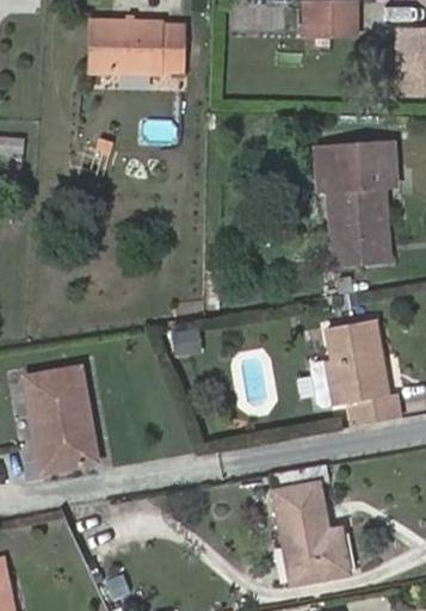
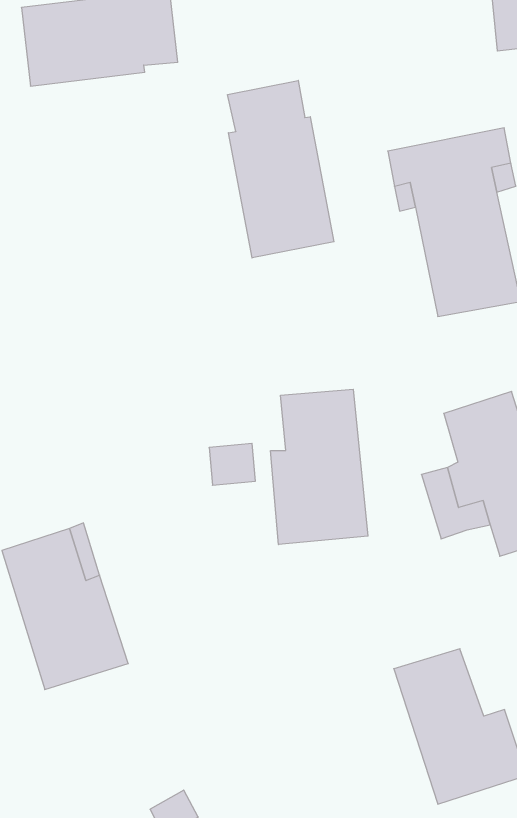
building: none -> [228,80,334,258]
building: none -> [271,389,368,545]

